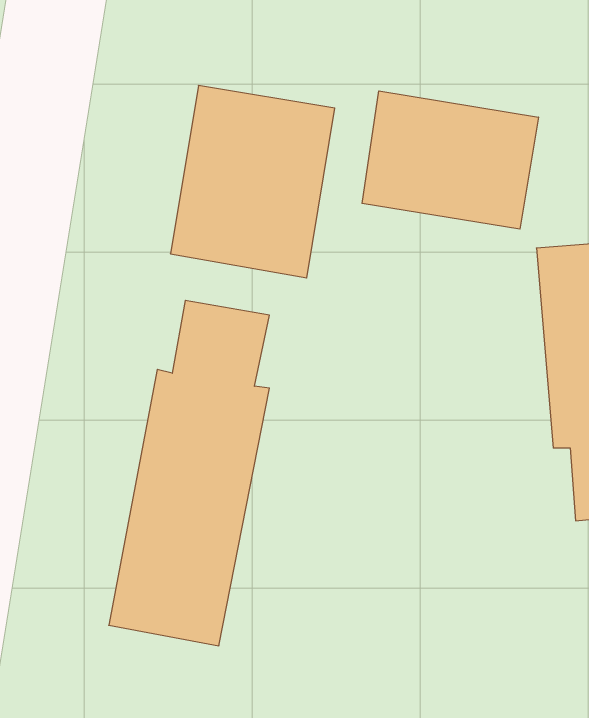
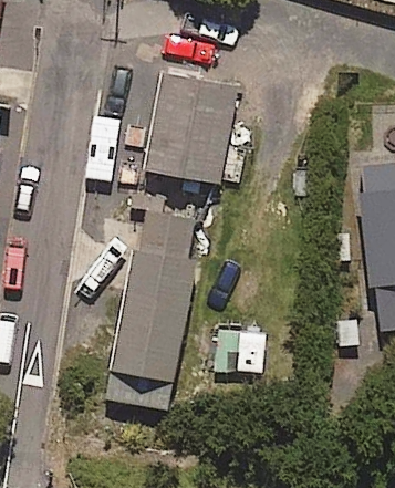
building: [362,91,538,229] -> none

